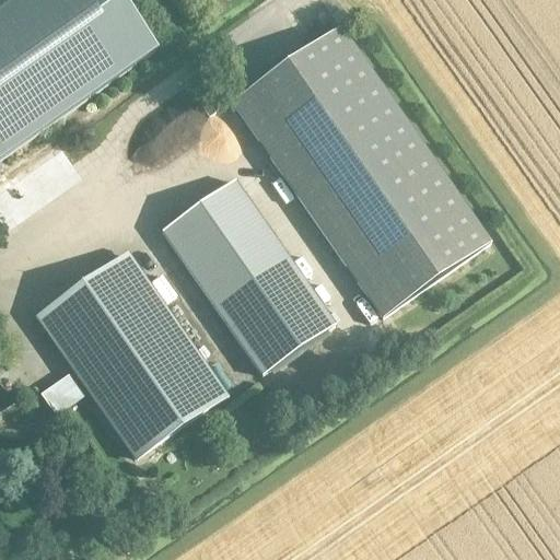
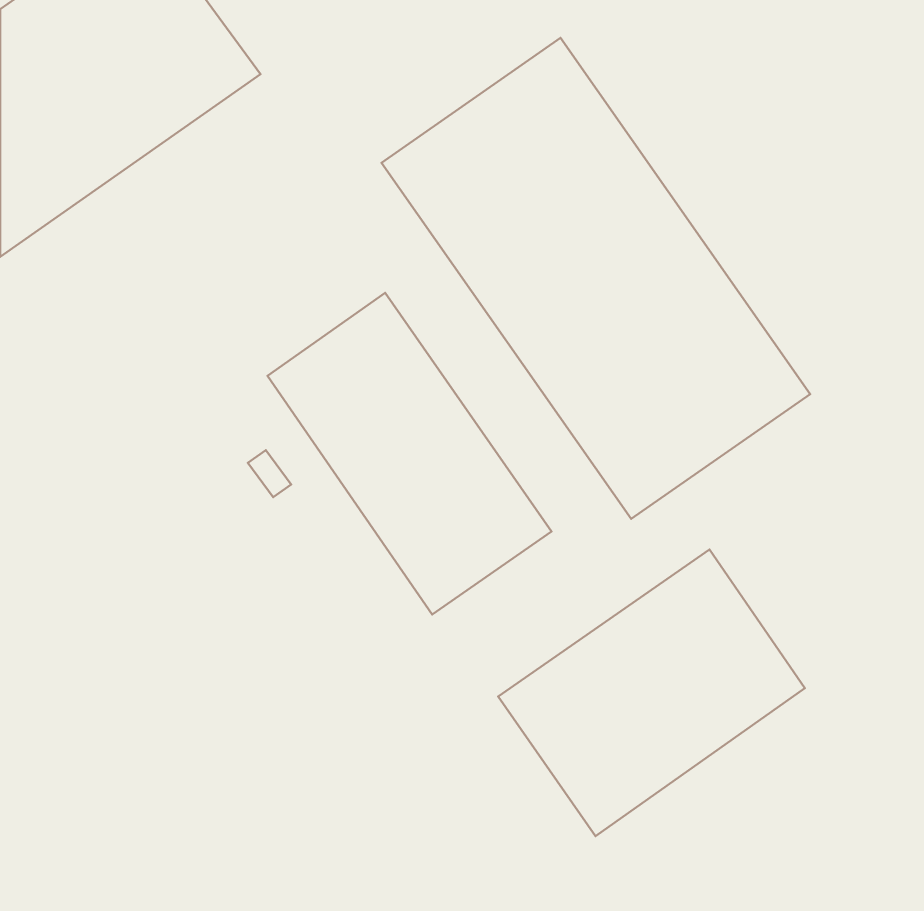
building: [38,253,223,453] -> none
building: none -> [498,550,805,836]

